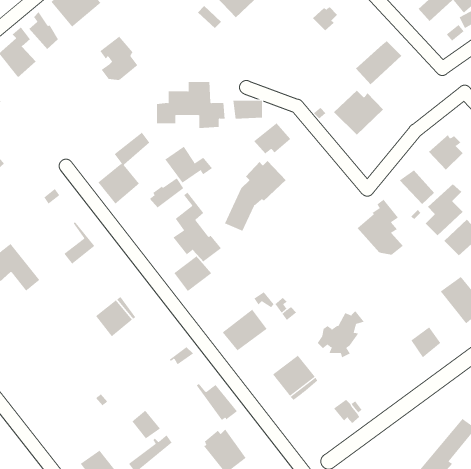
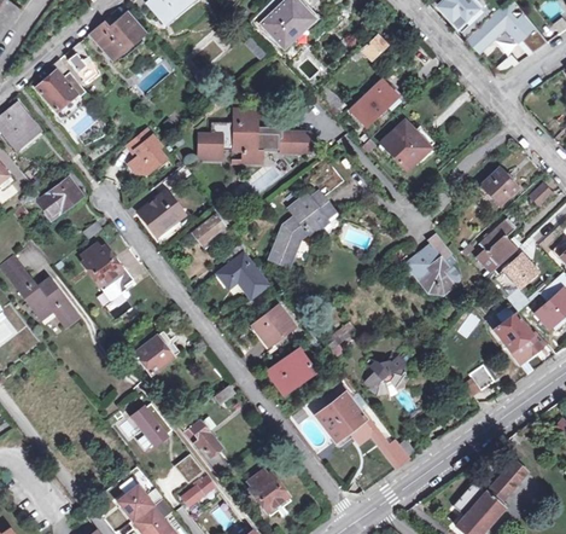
building: [100,36,138,80] -> [126,129,165,175]
building: [355,41,402,85] -> [348,80,396,126]
building: none -> [47,179,81,213]
building: [164,146,213,184] -> none
building: [399,169,435,205] -> none
building: none -> [82,245,124,291]
building: [174,256,212,292] -> [252,309,292,347]
building: none -> [133,402,170,442]
building: [196,383,238,421] -> [181,420,224,459]

